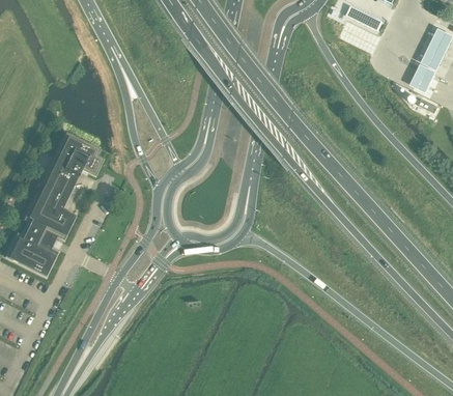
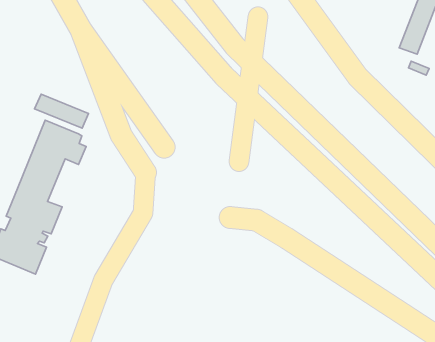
building: none -> [35,94,89,128]

